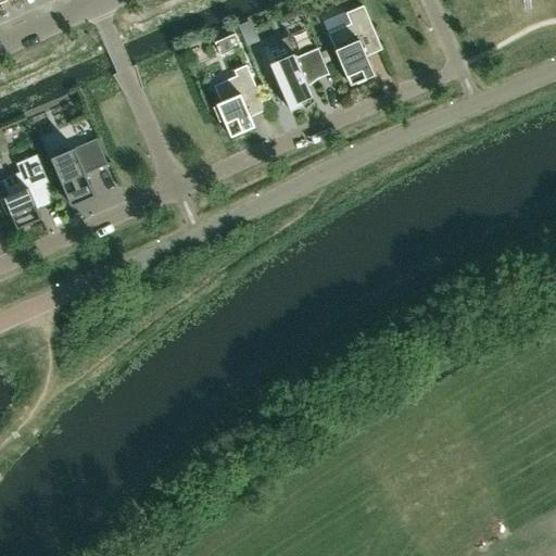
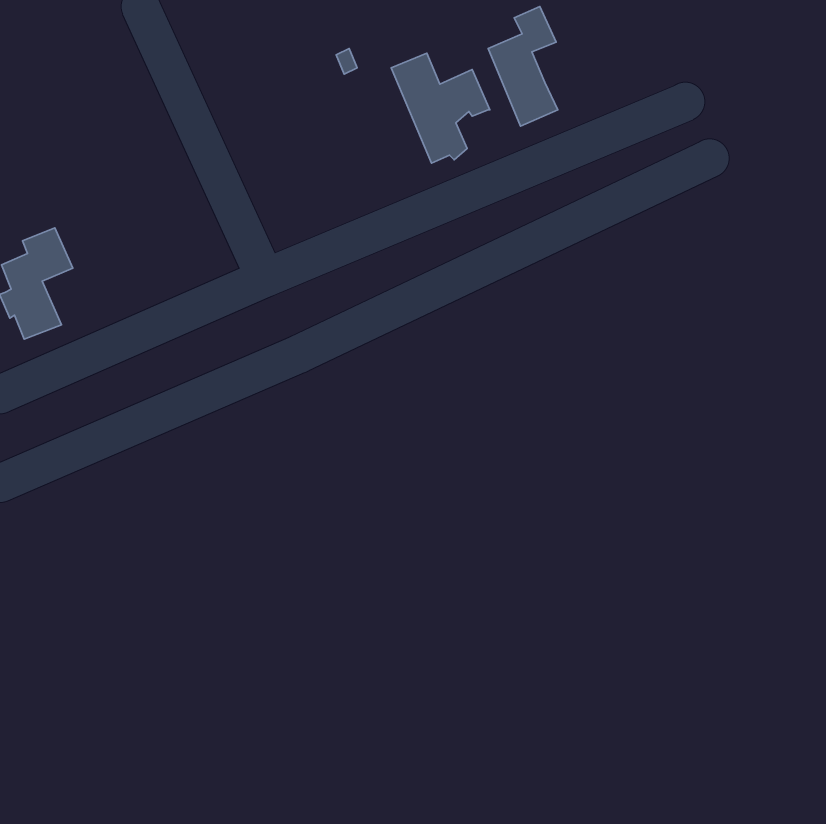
building: [213,64,256,136] -> none
building: [50,137,108,205] -> none

